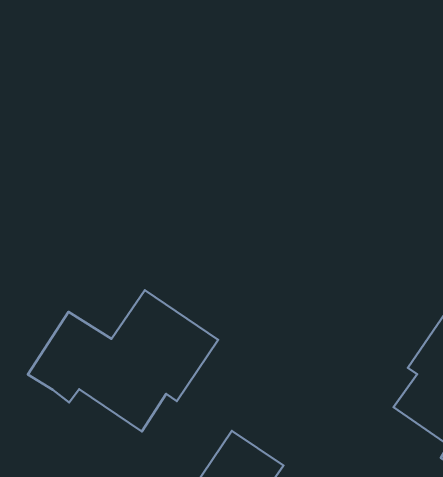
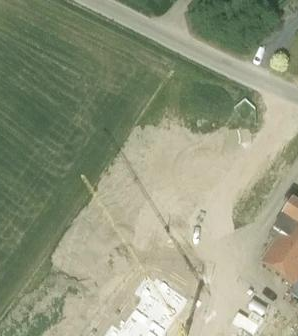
building: [28,290,218,432] -> none

